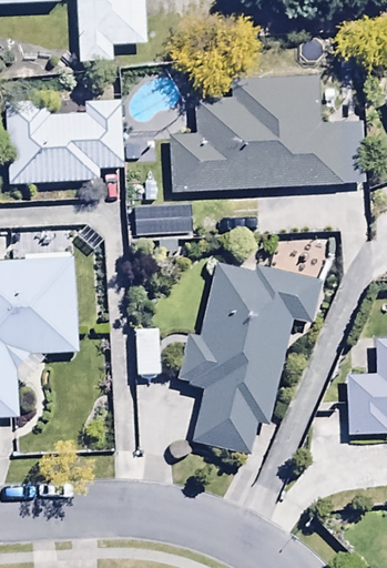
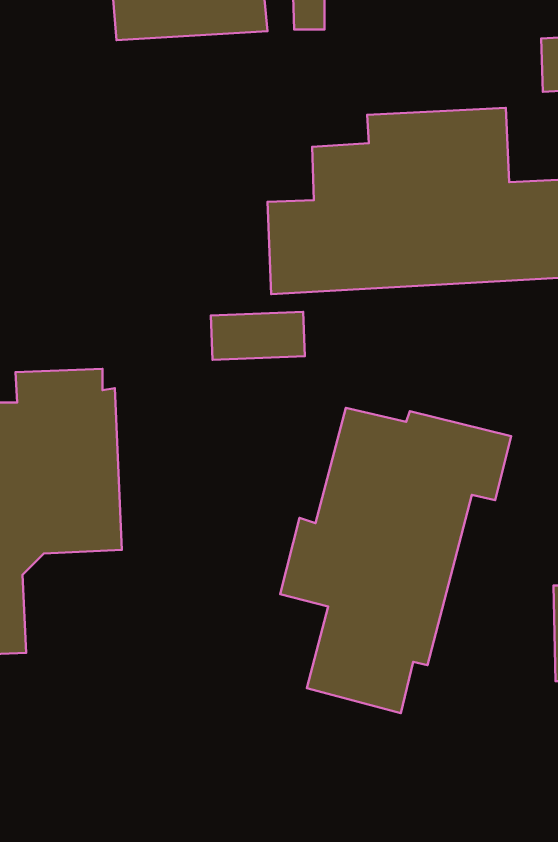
building: [7,100,123,183] -> none

